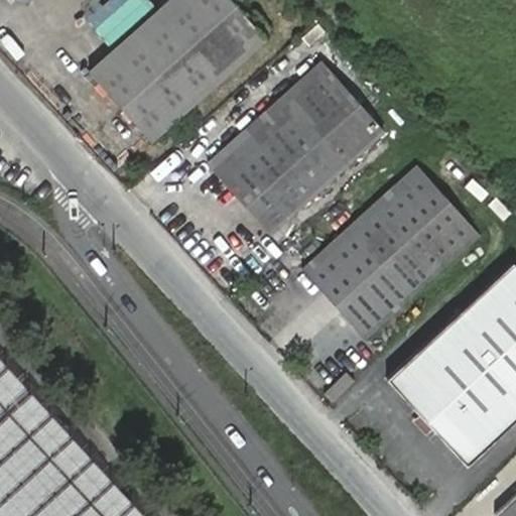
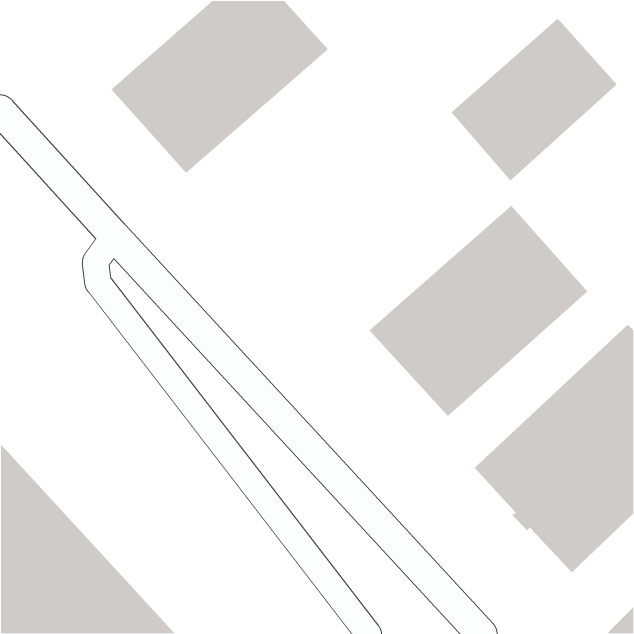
building: none -> [451,18,618,181]
building: [208,63,383,234] -> none

